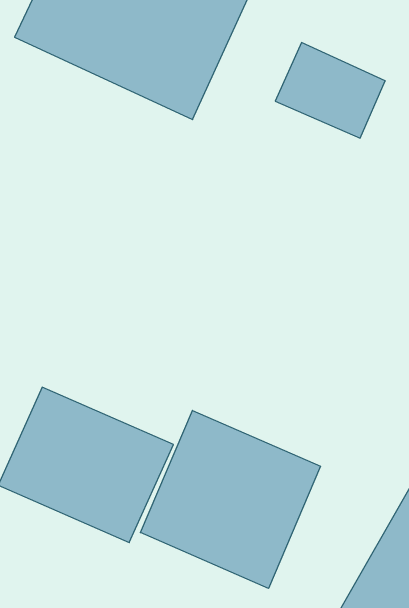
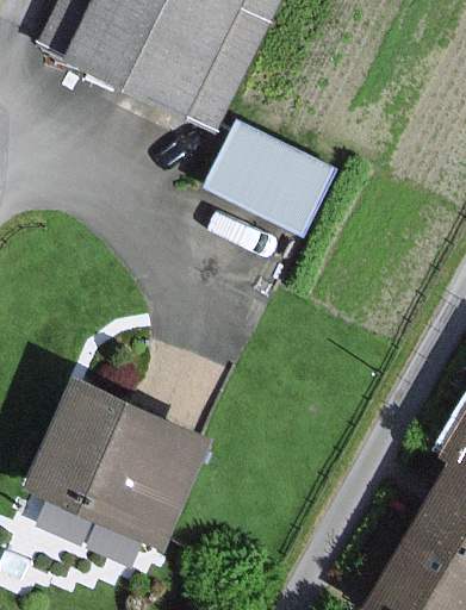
building: [275,43,385,138] -> [215,125,324,220]
building: [140,410,320,588] -> none

